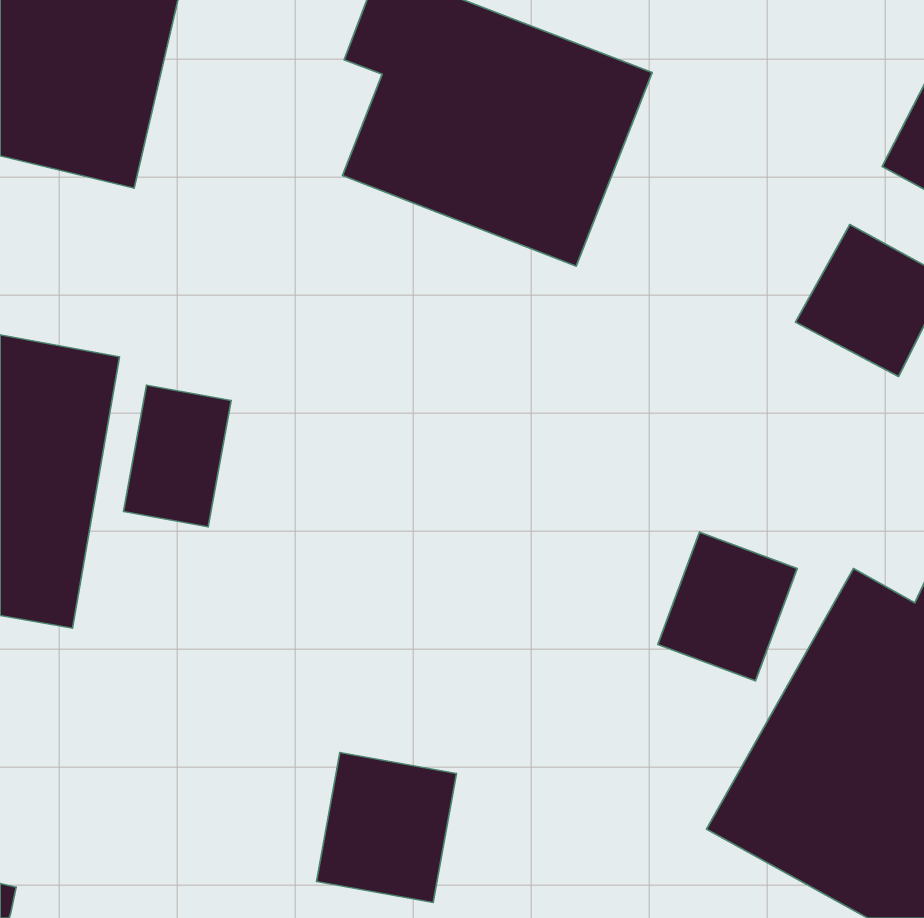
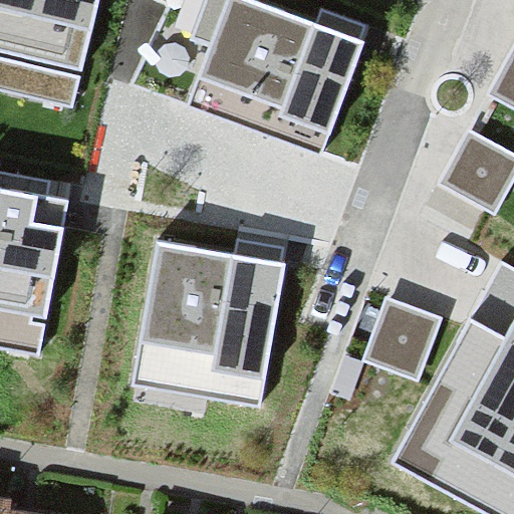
building: [123,385,231,527] -> none
building: none -> [137,240,284,401]
building: [316,752,456,903] -> none

